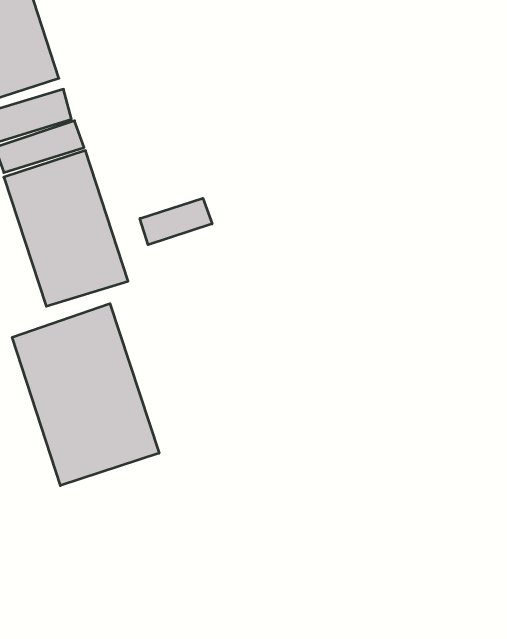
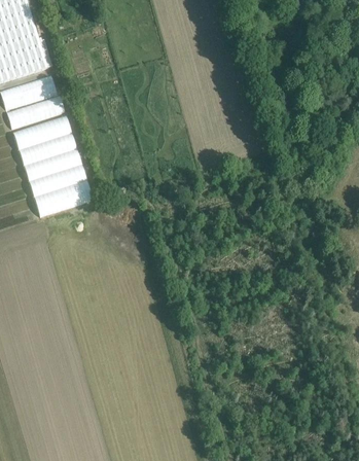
building: [140,198,212,245] -> none
building: [12,304,159,486] -> none

